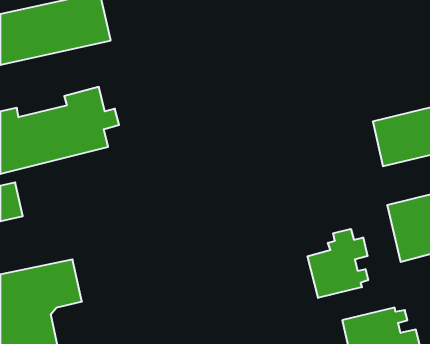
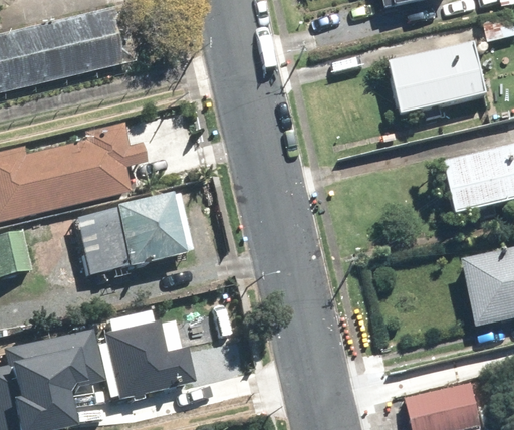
building: none -> [389,41,487,116]
building: none -> [71,195,188,275]
building: [307,229,368,298] -> none
building: none -> [95,323,192,405]

